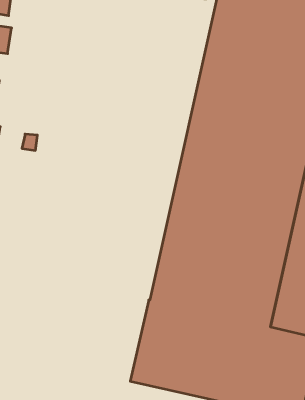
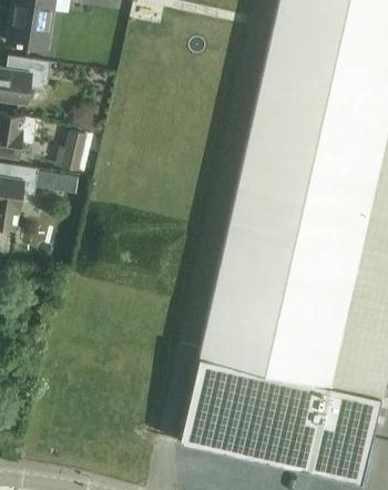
building: none -> [61,130,86,170]

